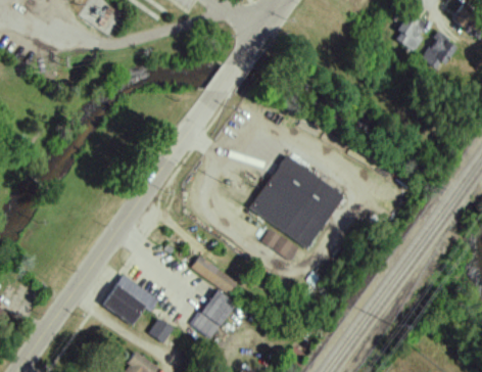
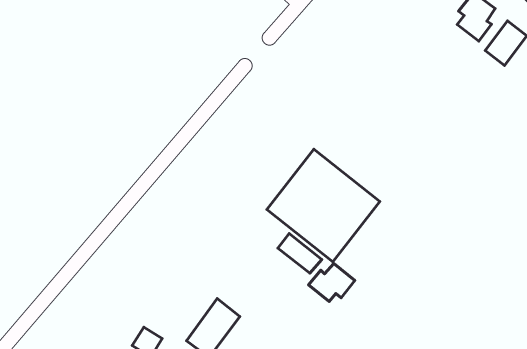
building: none -> [308,264,355,302]
building: [192,254,239,293] -> none
building: [102,274,159,325] -> none

